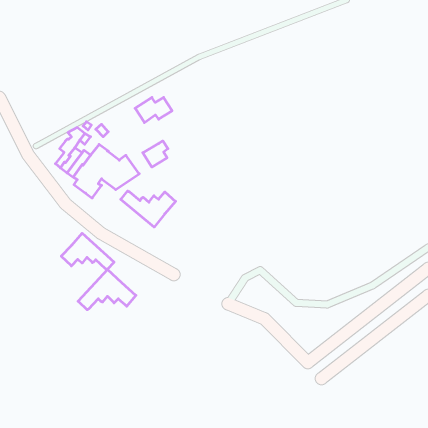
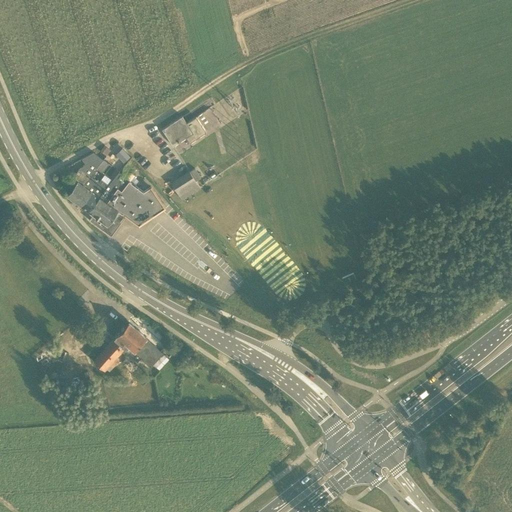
building: [121,191,176,227] -> none
building: [61,233,114,270] -> none

